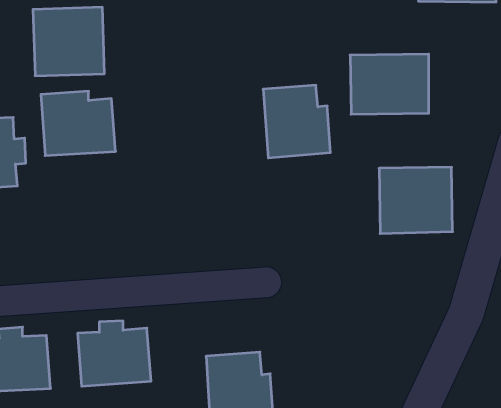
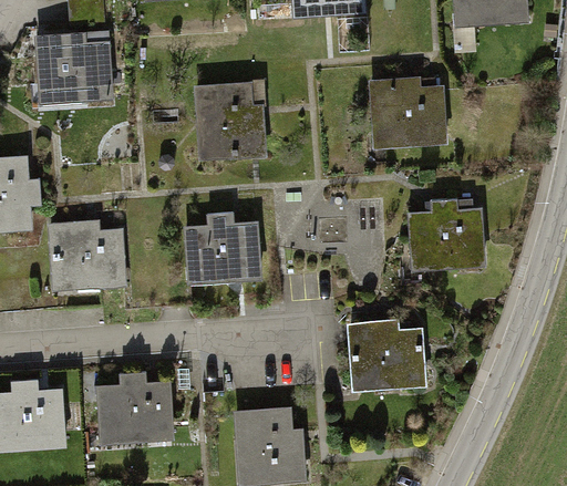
building: [263,85,330,158] -> [190,80,262,157]
building: [41,91,116,156] -> [44,218,124,287]
building: none -> [181,211,257,280]
building: none -> [353,324,436,396]

